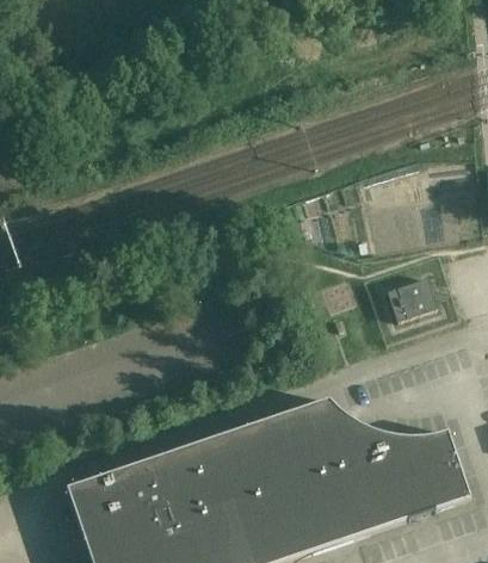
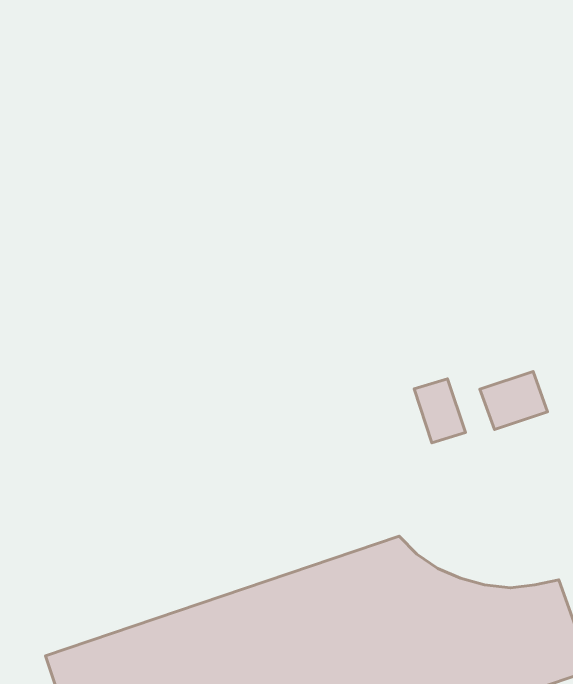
building: none -> [414,379,465,443]

